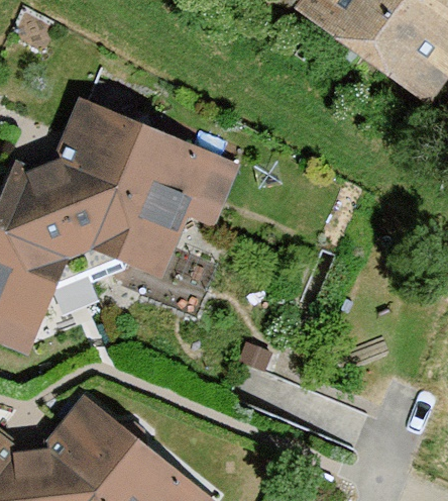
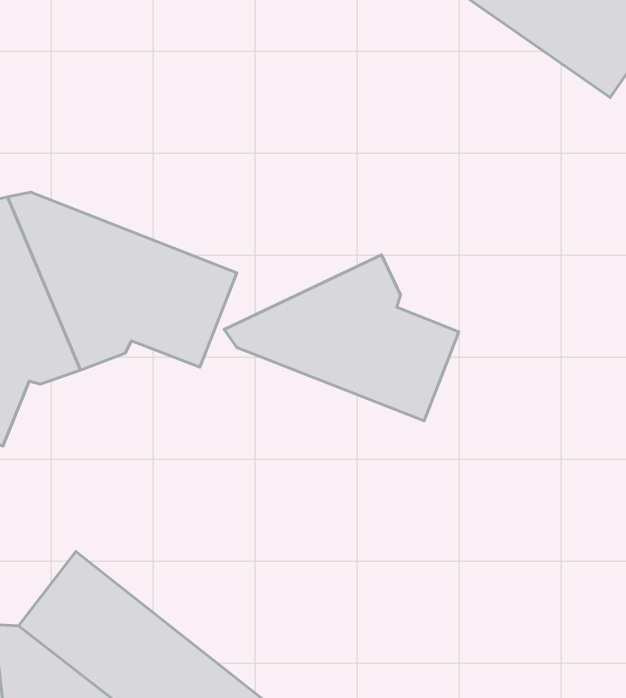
building: [53,102,237,226] -> none
building: none -> [224,255,459,421]

